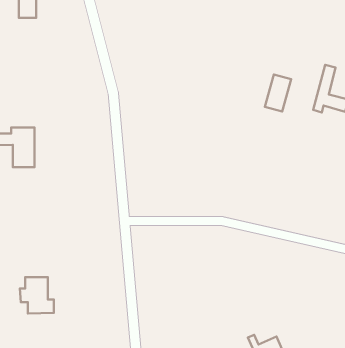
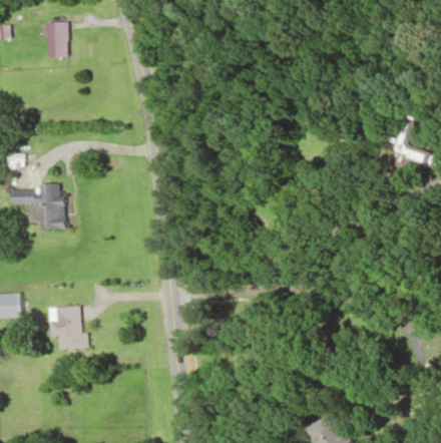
building: [265,75,291,112] -> none
building: [20,277,54,314] -> [48,307,87,349]

